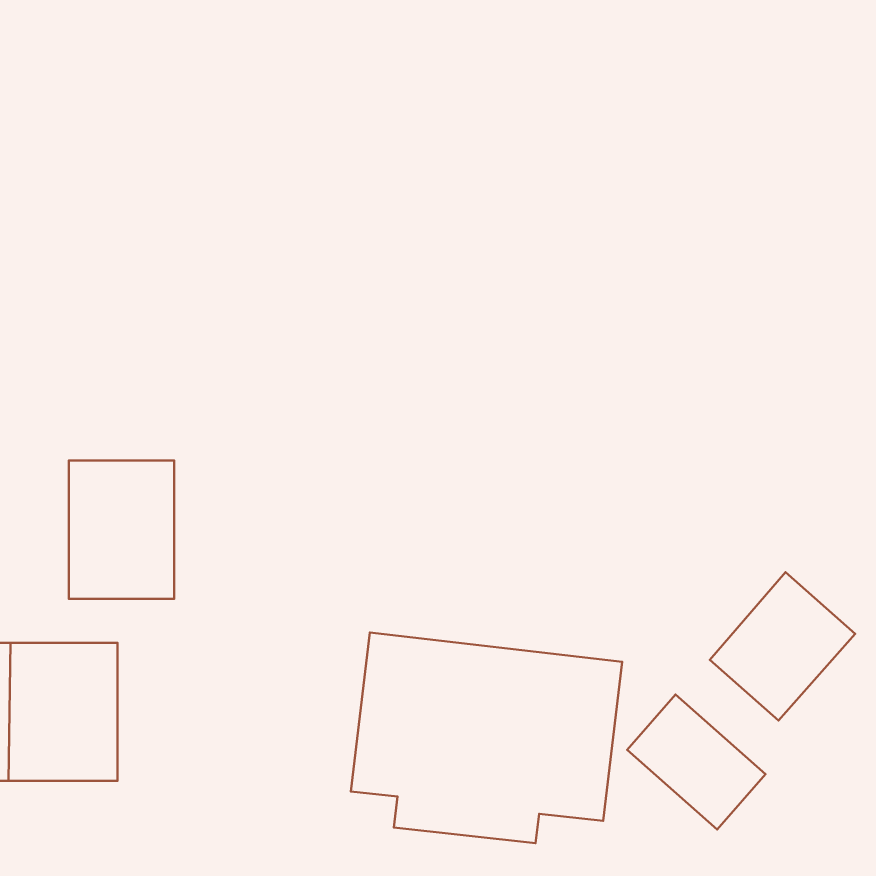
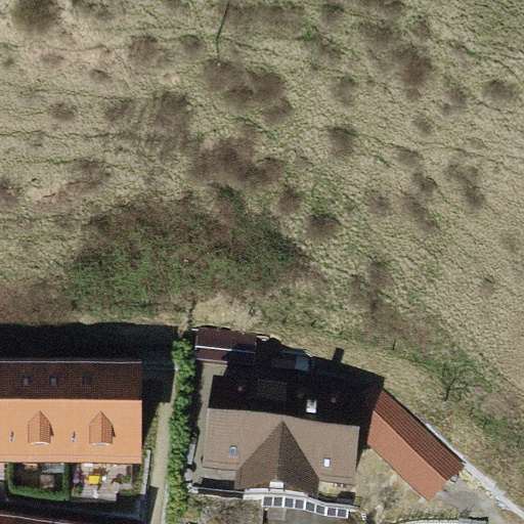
building: [69,460,174,599] -> [70,381,132,463]
building: [710,572,855,721] -> none

